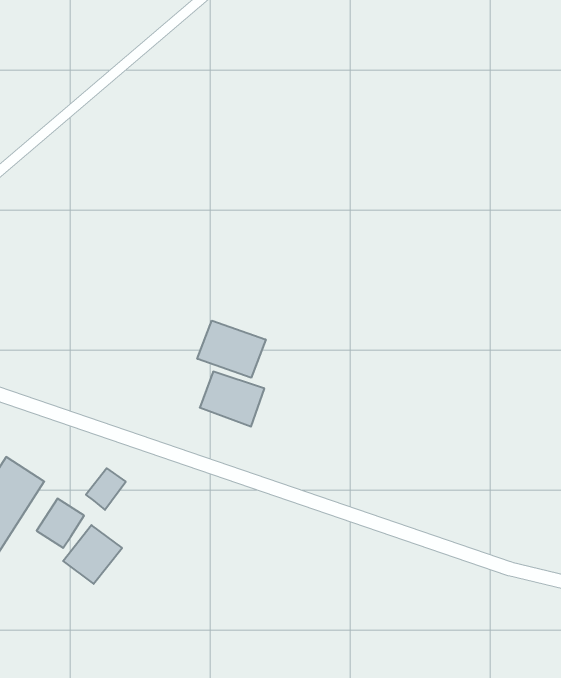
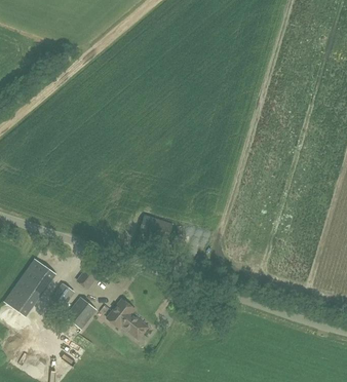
building: [197,321,266,378] -> none
building: none -> [106,298,147,338]

